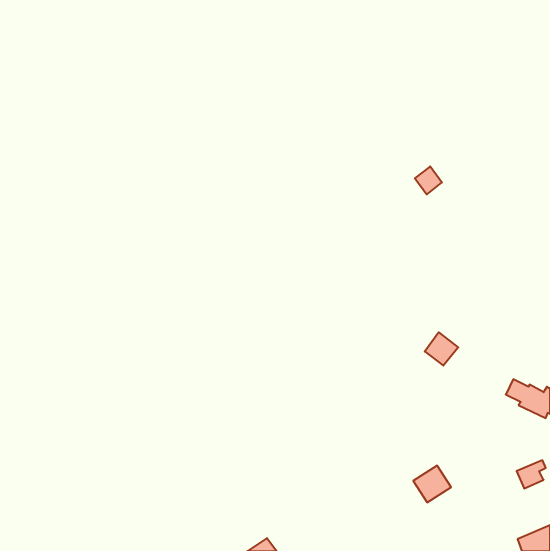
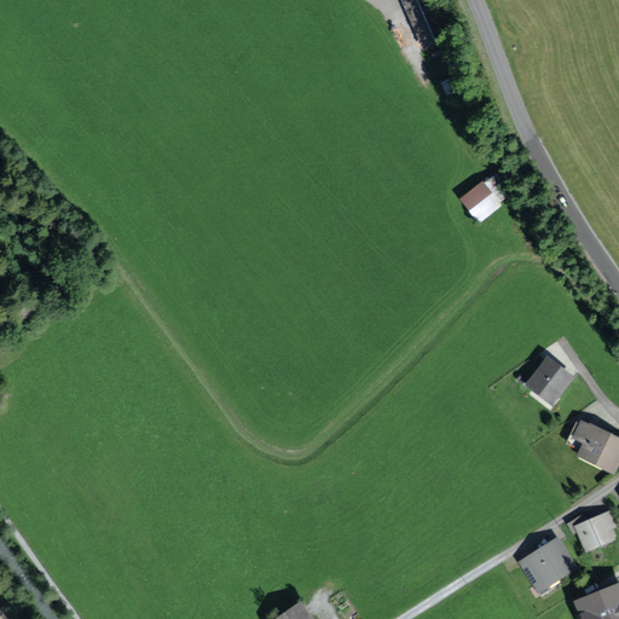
building: [425,332,458,366] -> [530,361,567,399]
building: [413,466,451,502] -> [527,542,569,583]

